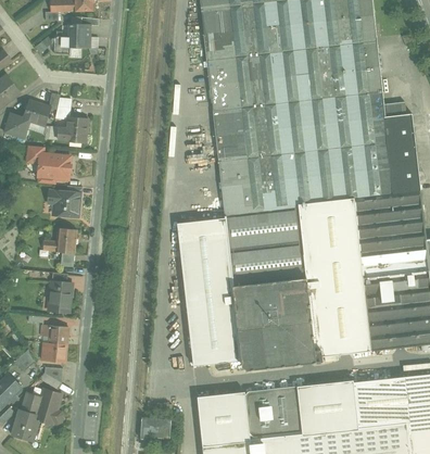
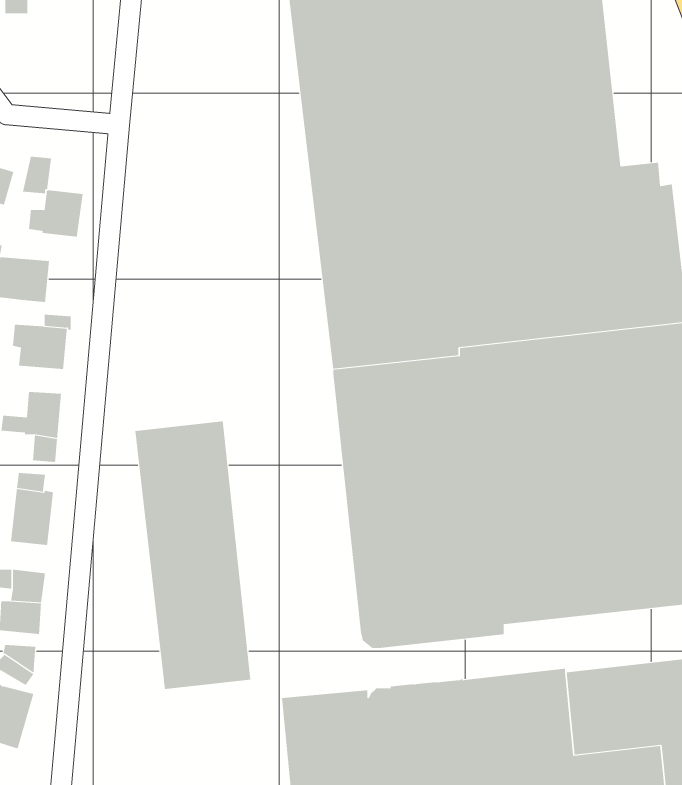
building: [53,24,89,54] -> none
building: [176,218,240,366] -> [135,421,251,690]
building: [139,418,169,440] -> none

